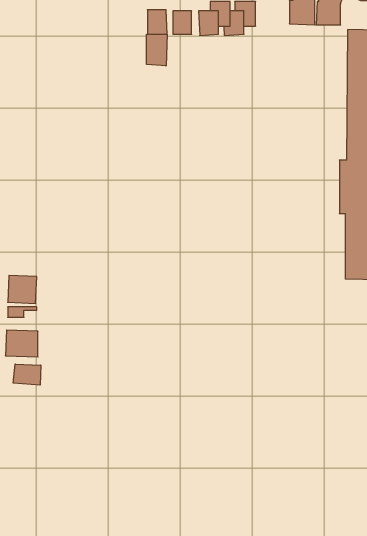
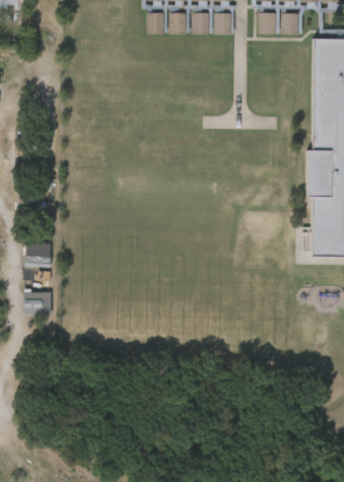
building: [147,34,167,66] -> none
building: [13,364,41,385] -> none

